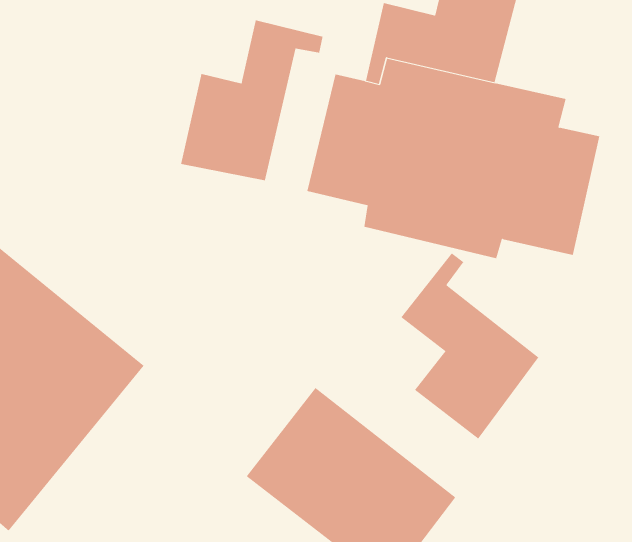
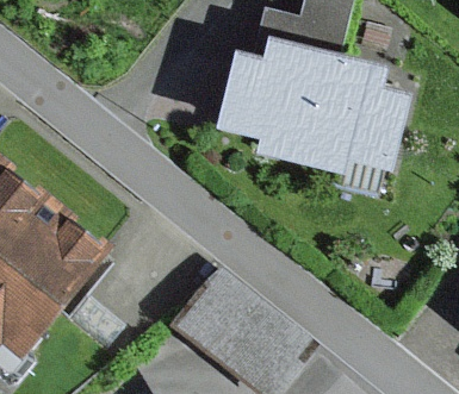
building: [180,20,323,181] -> none
building: [400,253,539,440] -> none

